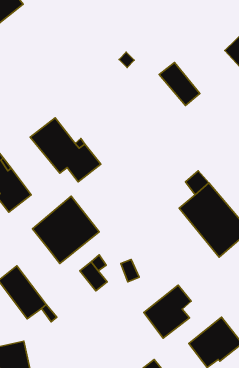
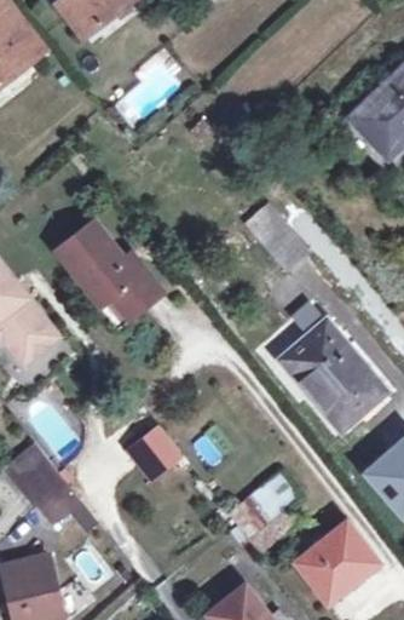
building: [159,62,200,106] -> [244,203,306,269]
building: [32,196,99,263] -> none

